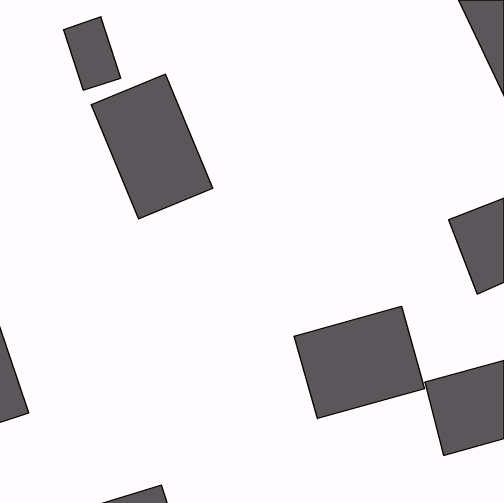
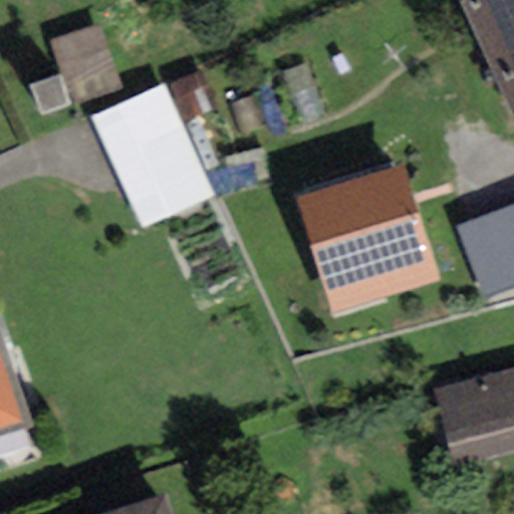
building: none -> [295,161,438,315]
building: [294,306,425,419] -> none

